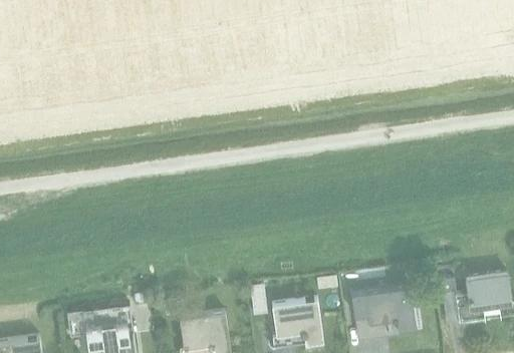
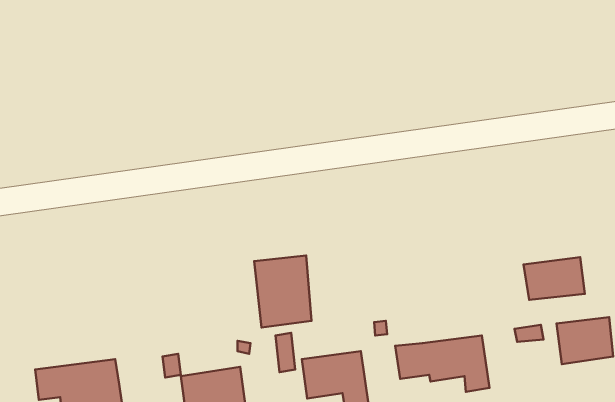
building: none -> [254,256,311,327]
building: none -> [523,257,585,300]

